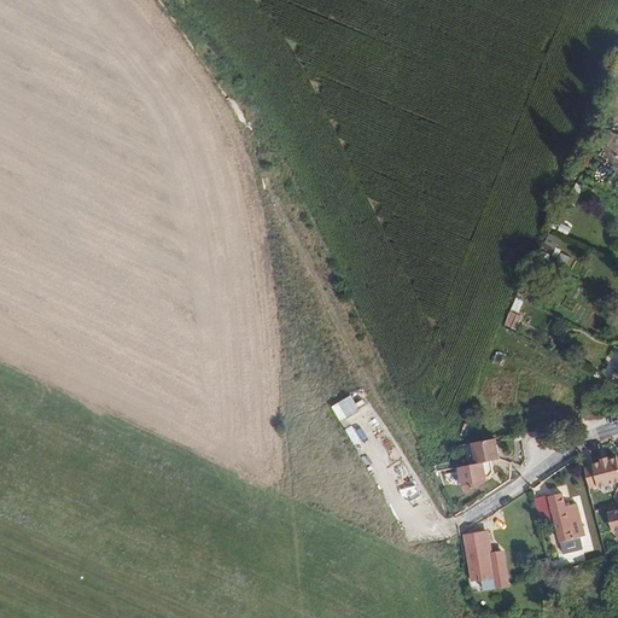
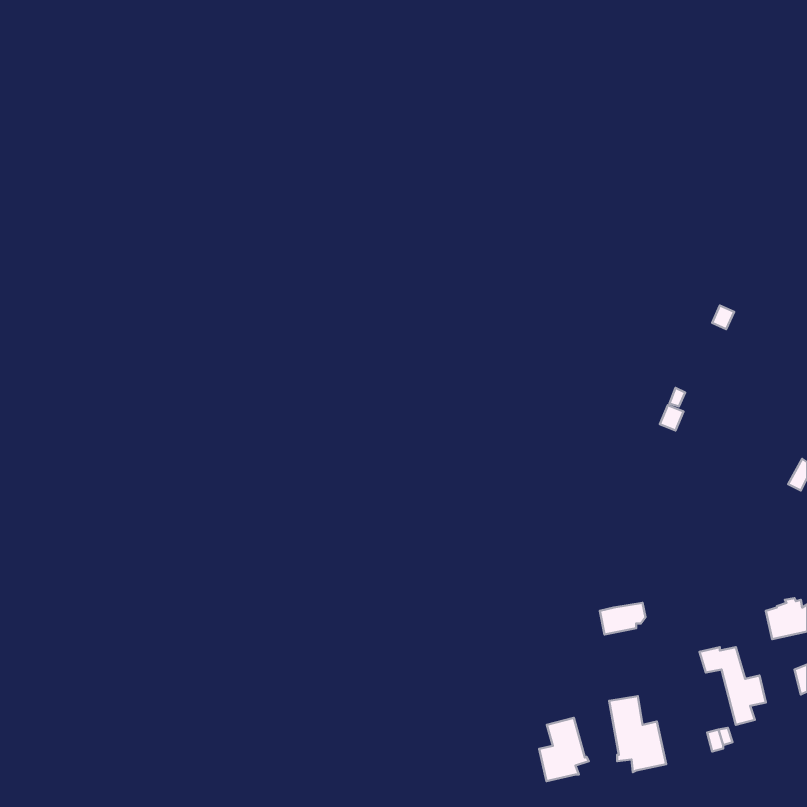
building: [468,437,499,464] -> none
building: none -> [539,718,589,781]

